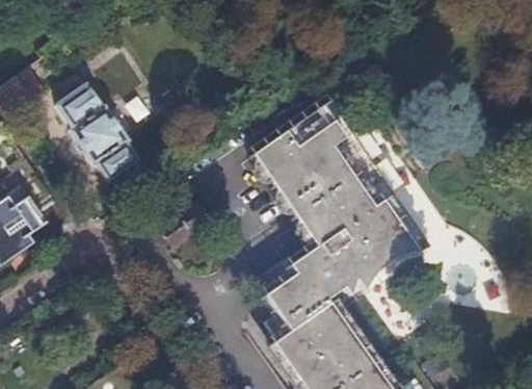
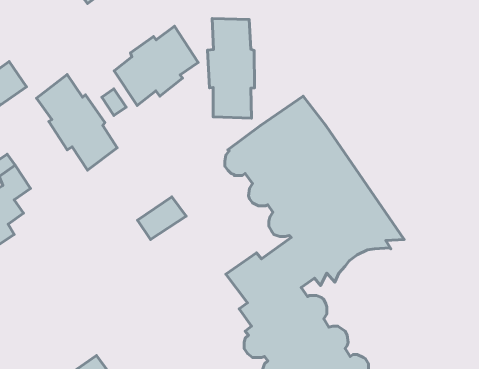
building: none -> [208,18,255,118]
building: none -> [114,26,198,105]

